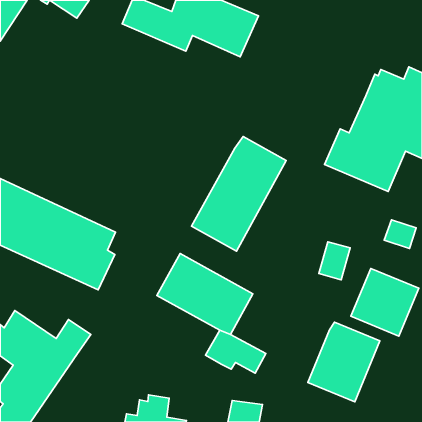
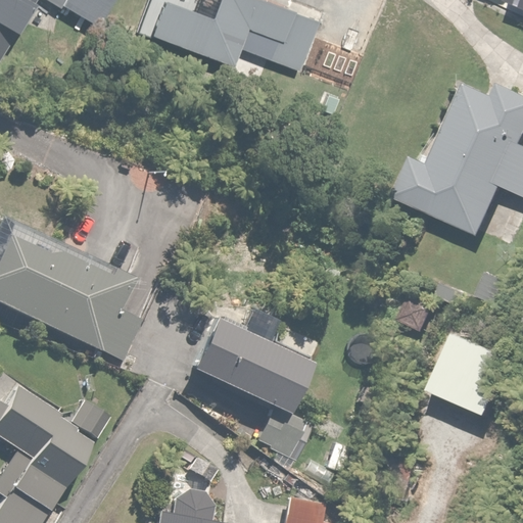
building: [192,136,286,251] -> none
building: [308,322,380,402] -> none

